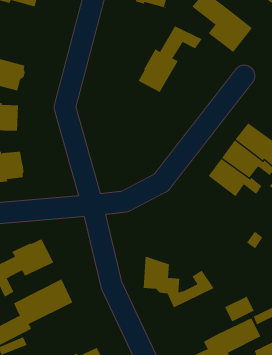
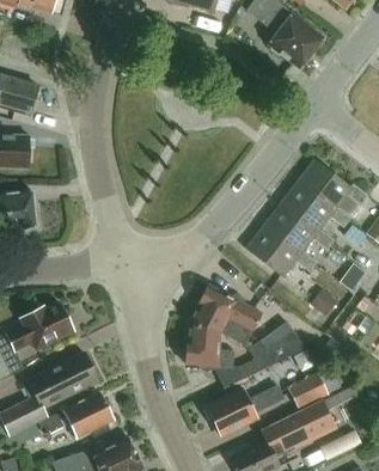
building: [138,25,202,93] -> none
building: none -> [247,224,317,274]
building: none -> [187,285,259,344]
building: none -> [258,323,302,365]
building: none -> [203,386,281,435]
building: none -> [37,394,111,439]

